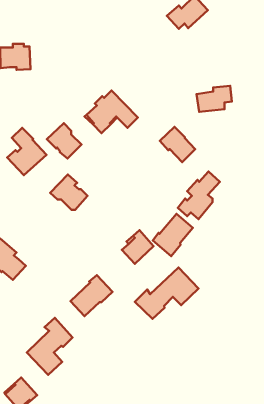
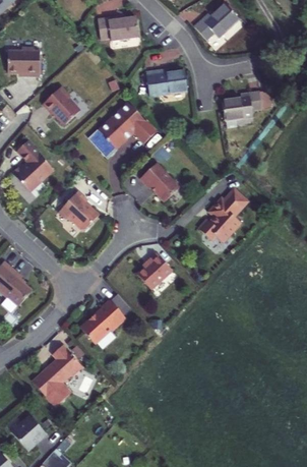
building: none -> [93,17,135,43]
building: none -> [141,71,180,95]
building: [47,123,81,159] -> [43,87,80,126]
building: [160,127,195,162] -> [141,163,180,201]
building: [153,214,193,256] -> none
building: [135,267,198,319] -> none

